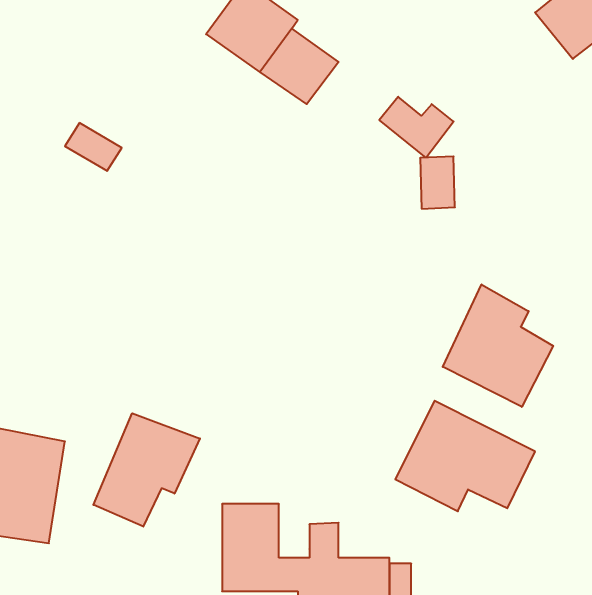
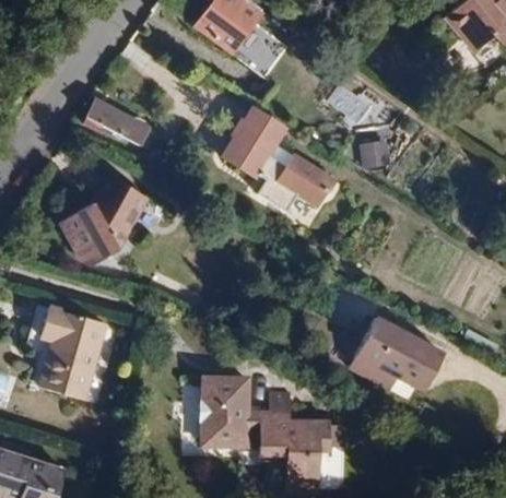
building: none -> [222,107,334,214]
building: none -> [59,175,148,264]
building: [443,284,553,407] -> none
building: [93,413,200,527] -> none

